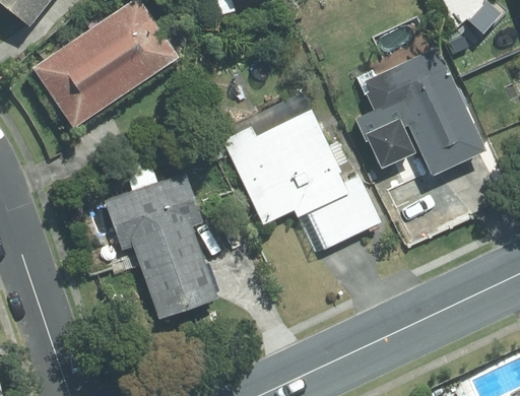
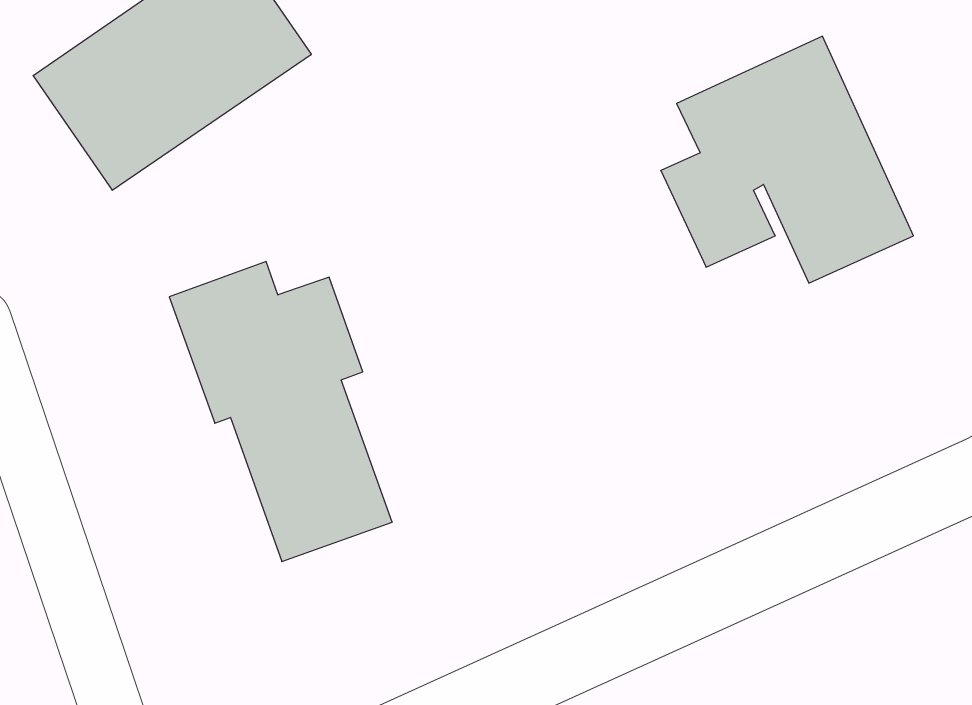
building: [224,111,380,247] -> none

